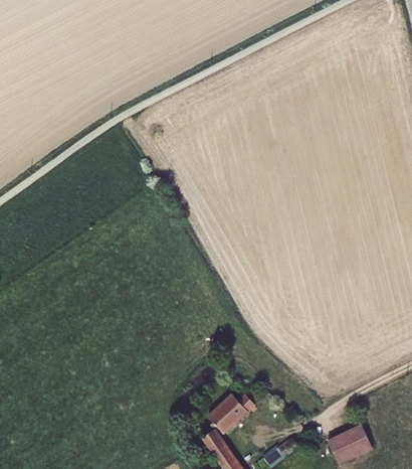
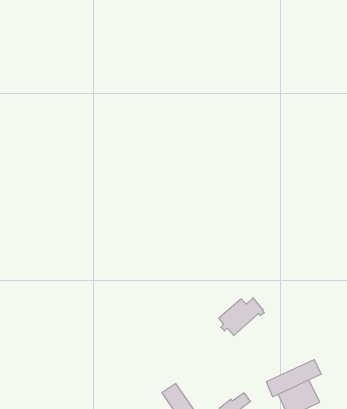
building: [208,392,257,433] -> [219,298,264,336]
building: none -> [266,360,321,397]

